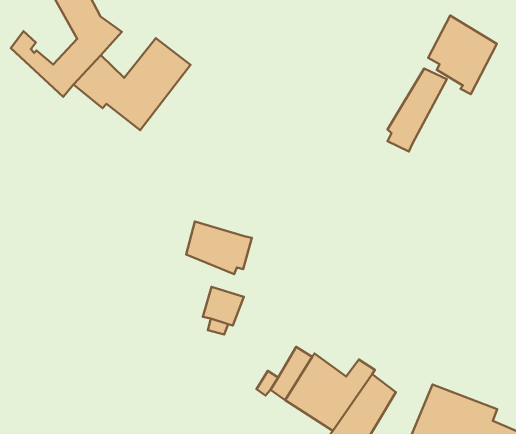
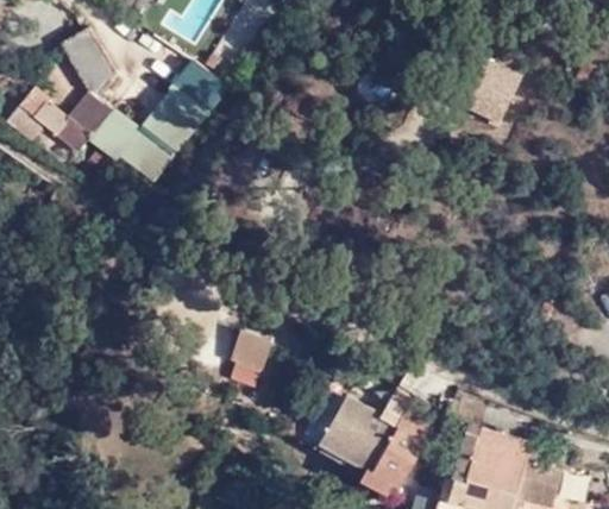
building: none -> [170,67,221,113]
building: [388,68,447,152] -> none
building: [186,222,252,274] -> none

